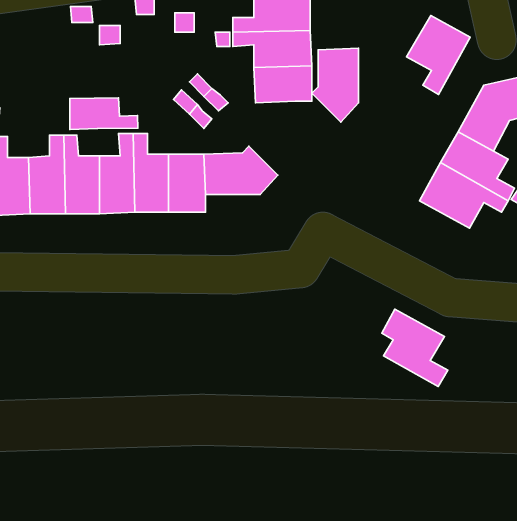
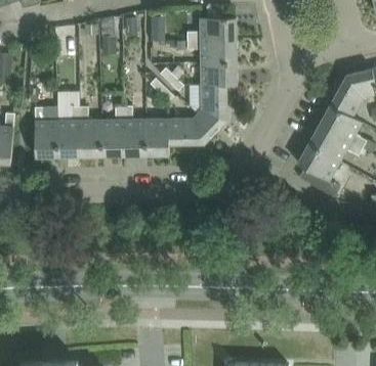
building: [406,16,470,95] -> none
building: [312,48,358,122] -> [197,84,226,131]
building: [70,98,138,130] -> none
building: [382,309,448,386] -> [297,147,339,196]

